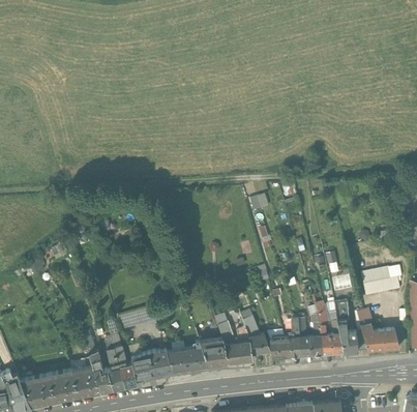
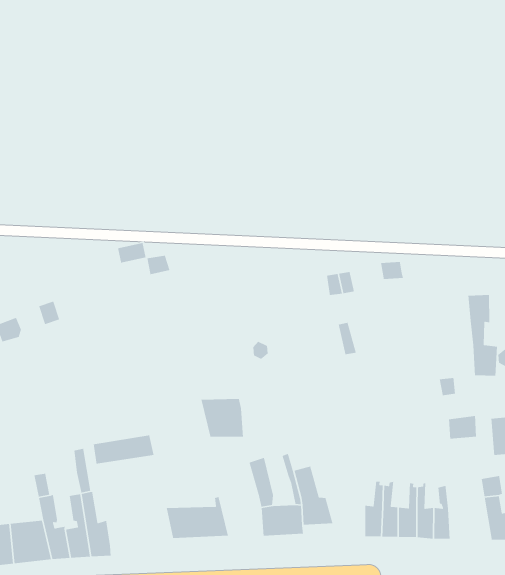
building: [334,302,357,353] -> [468,294,498,376]
building: [270,335,291,358] -> none
building: [200,340,229,365] -> [200,398,244,438]
building: [131,351,168,379] -> none

